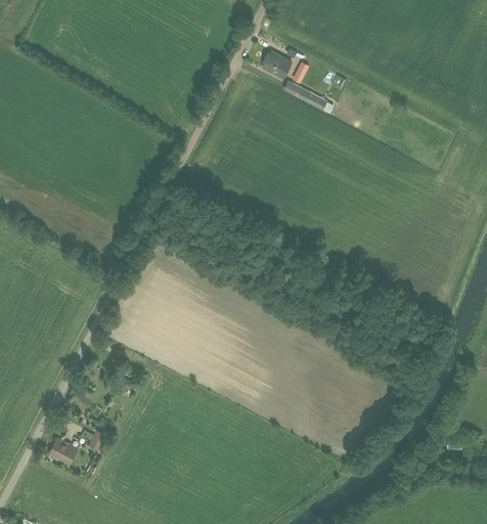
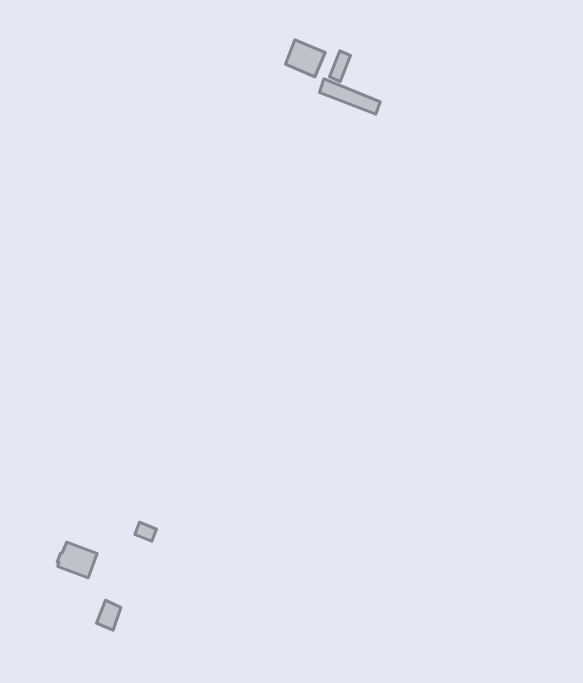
building: [48,437,77,464] -> [57,542,97,578]

